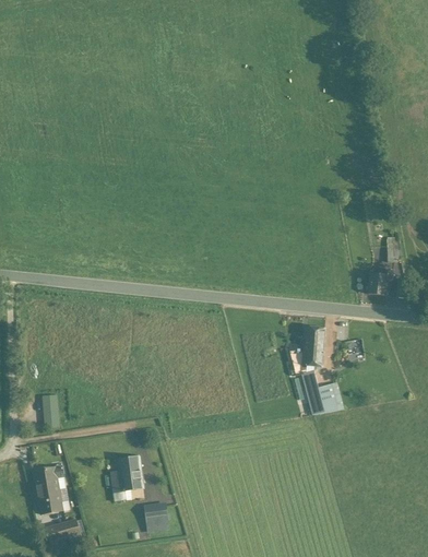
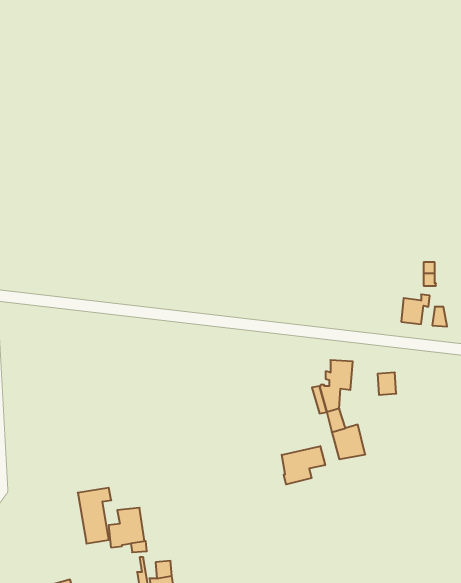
building: none -> [282,446,325,484]
building: [34,464,63,513] -> [78,488,111,544]

